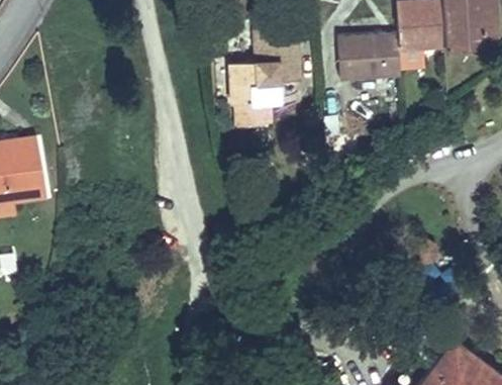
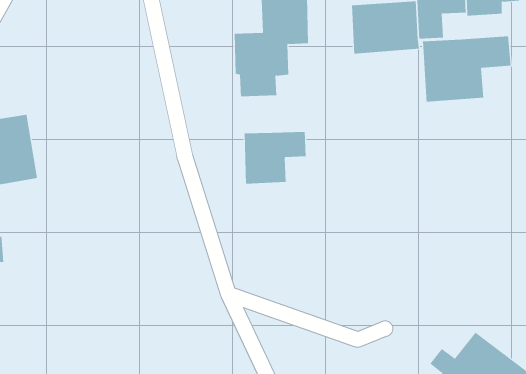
building: none -> [422,35,511,103]
building: none -> [244,131,306,184]

